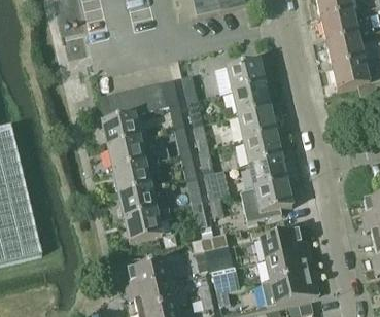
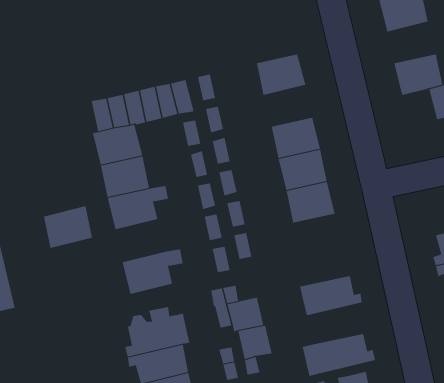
building: [326,34,365,66] -> none
building: [223,82,270,118] -> none
building: [240,181,292,222] -> none
building: [118,185,157,218] -> [43,206,93,249]
building: [265,249,310,281] -> none

